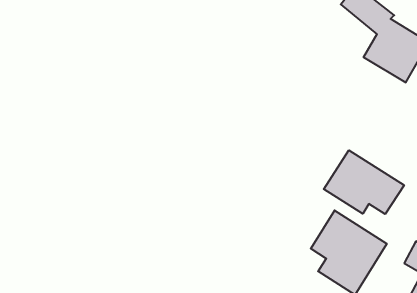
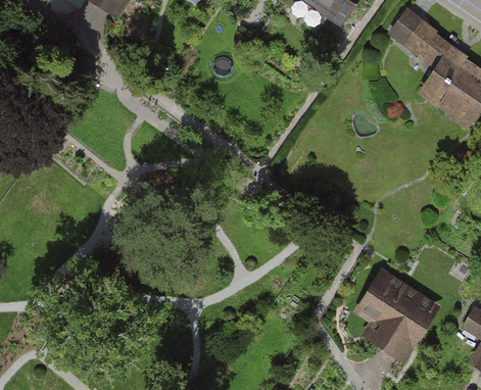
building: [324,150,404,214] -> none

